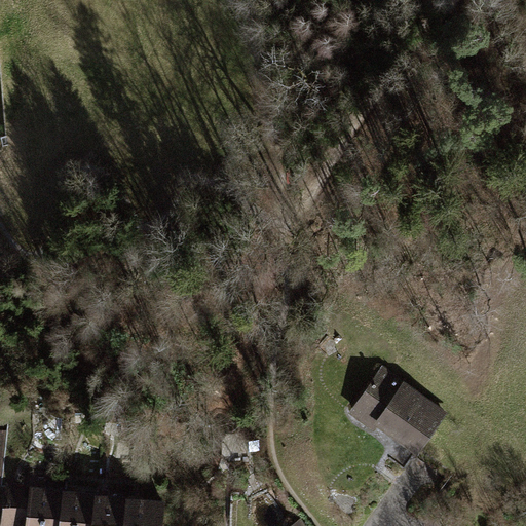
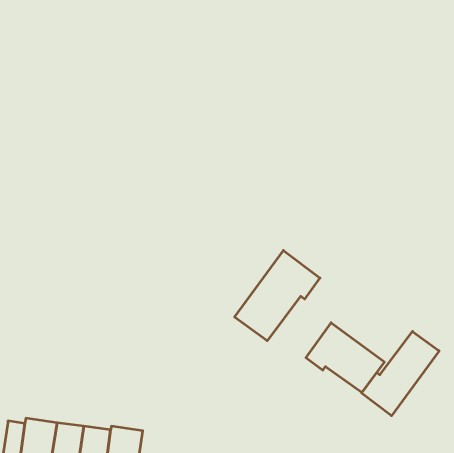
building: none -> [235,250,320,341]
building: none -> [362,331,439,416]

